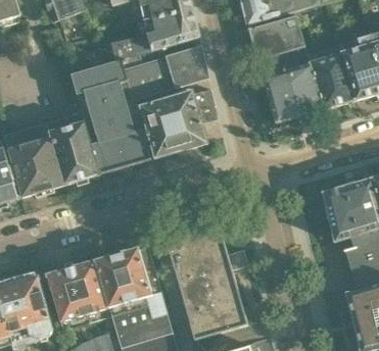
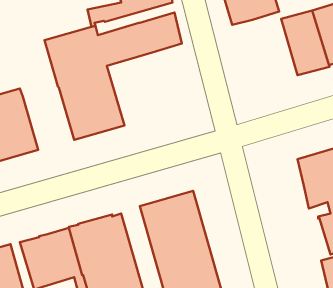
building: [262,45,322,121] -> none
building: [140,88,216,156] -> none
building: [45,111,99,183] -> none

